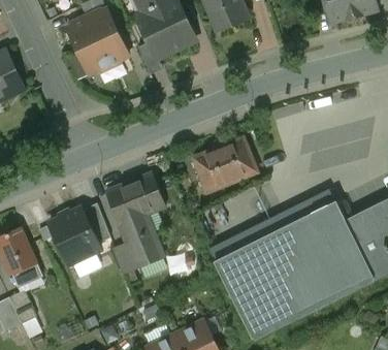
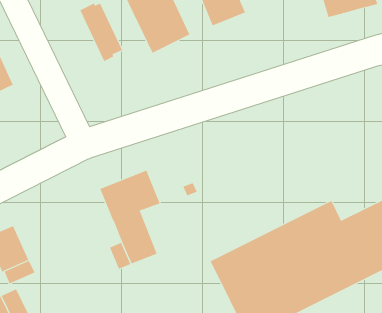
building: [67,15,109,73] -> none
building: [193,140,254,194] -> none
building: [38,199,109,261] -> none

